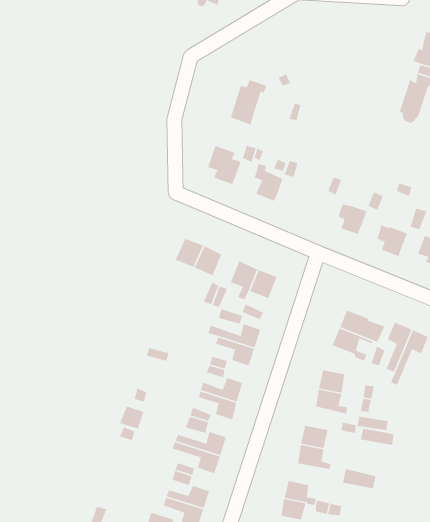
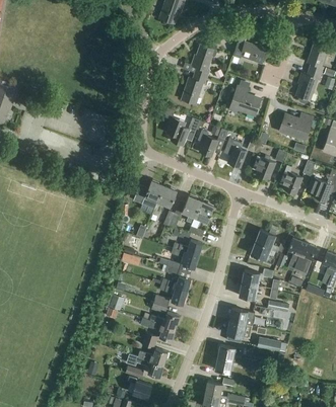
building: none -> [231,43,265,64]
building: none -> [190,46,215,78]
building: none -> [227,86,259,116]
building: none -> [278,113,312,141]
building: none -> [222,139,246,168]

